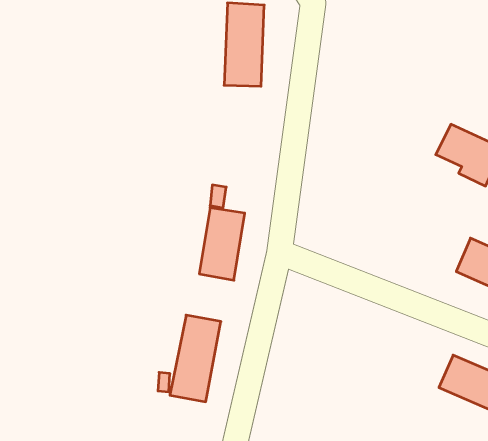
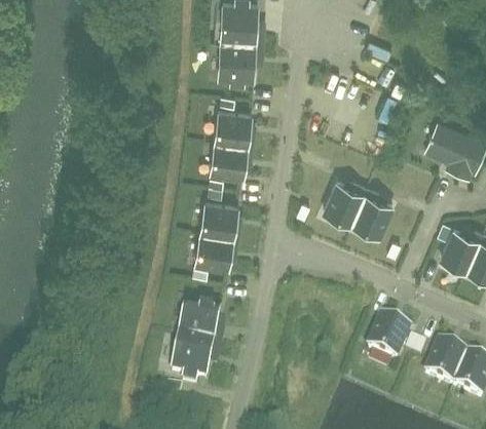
building: none -> [211,109,254,174]
building: none -> [323,180,392,235]
building: none -> [367,311,412,356]

